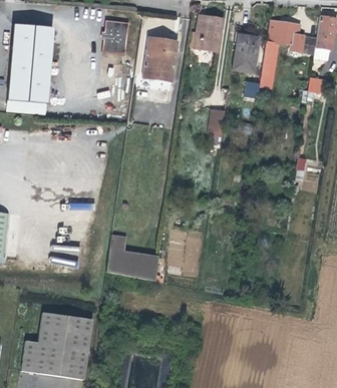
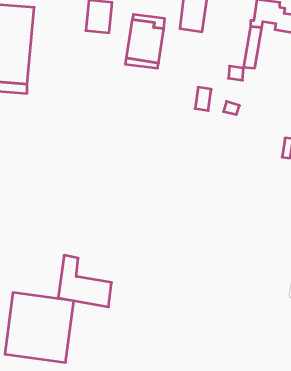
building: [234,33,261,71] -> none
building: [107,229,160,280] -> [58,255,112,307]

